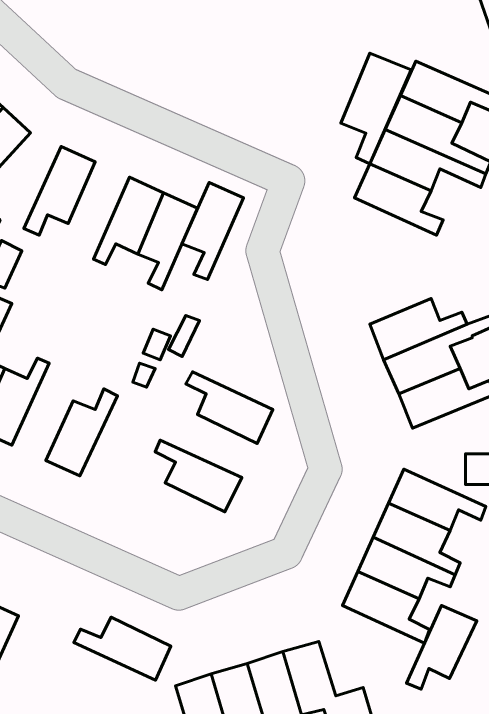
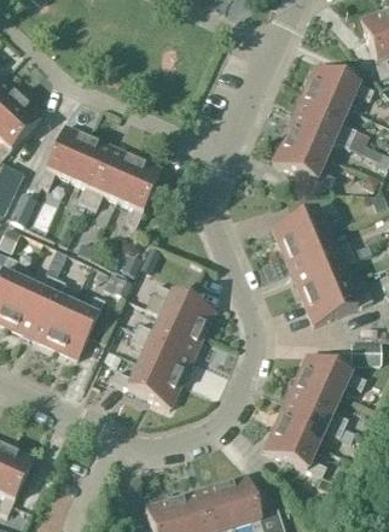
building: [341,53,411,164] -> none
building: [182,182,243,280] -> [69,135,112,204]
building: none -> [272,201,335,250]
building: none -> [29,277,72,346]
building: none -> [134,314,203,358]
building: [406,605,477,689] -> none
building: [74,617,171,680] -> [111,362,180,407]

